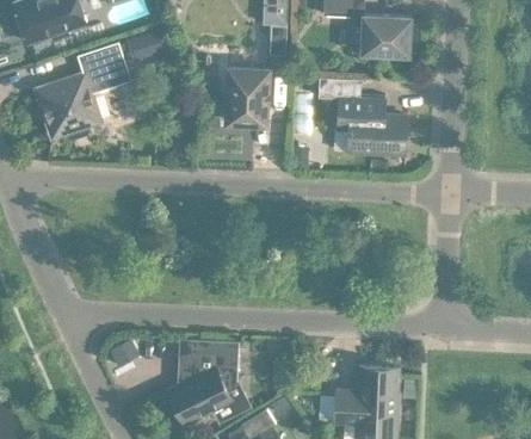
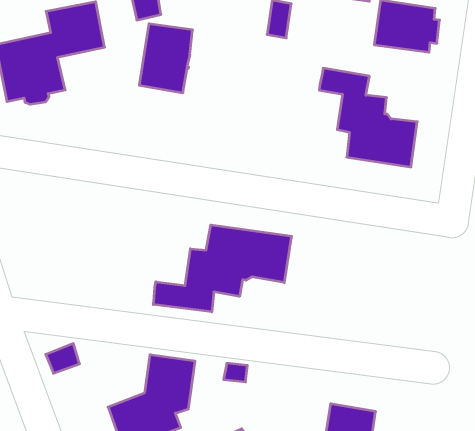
building: [226,69,266,125] -> [139,24,193,93]
building: none -> [153,225,292,312]

